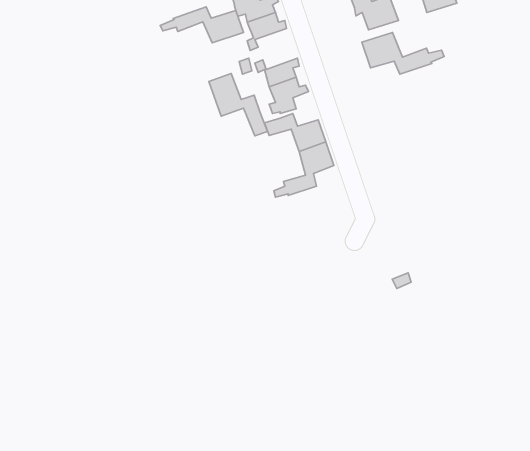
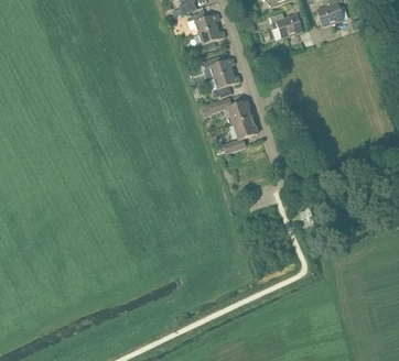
building: [160,7,244,43] -> none
building: [362,33,444,74] -> none
building: [209,74,268,136] -> none

